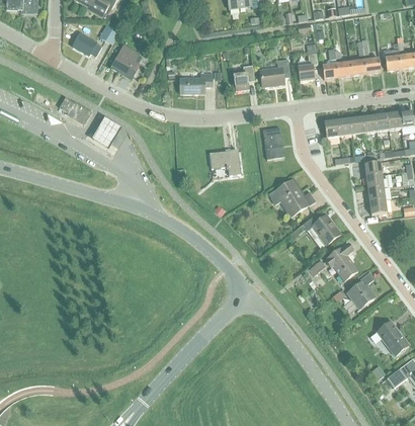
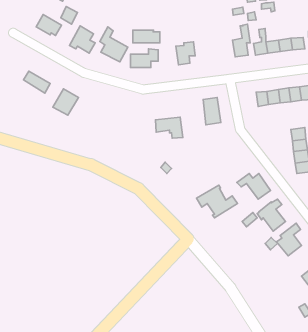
building: none -> [100,27,128,62]
building: none -> [133,30,160,43]
building: [259,57,290,86] -> none
building: [268,179,315,217] -> [197,185,237,218]

